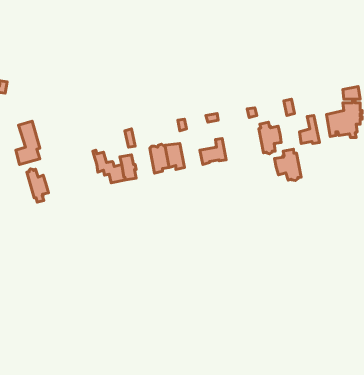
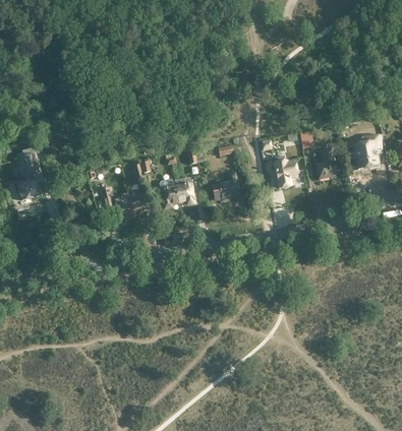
building: [275,149,301,181] -> none
building: [27,169,48,202] -> none

